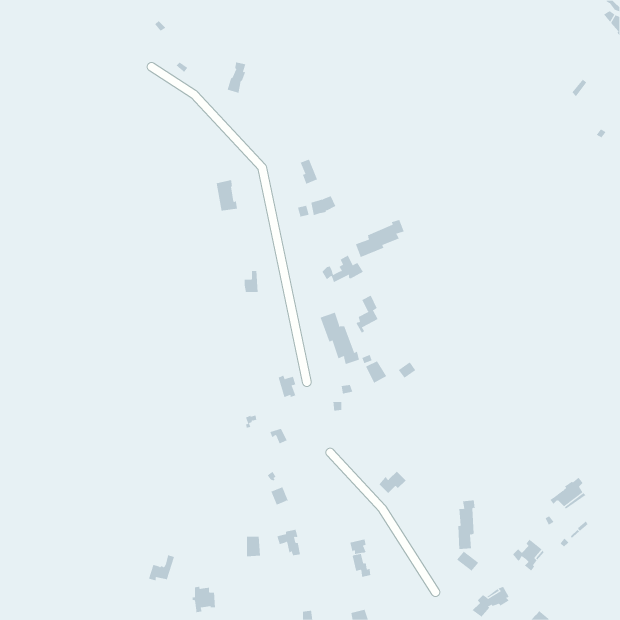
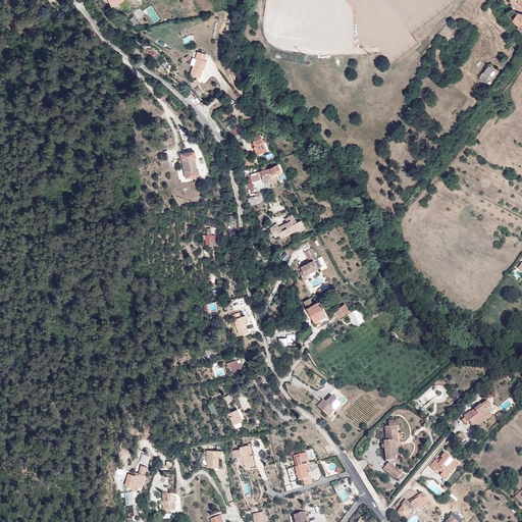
building: [355,219,405,258] -> none
building: [320,312,360,365] -> none

